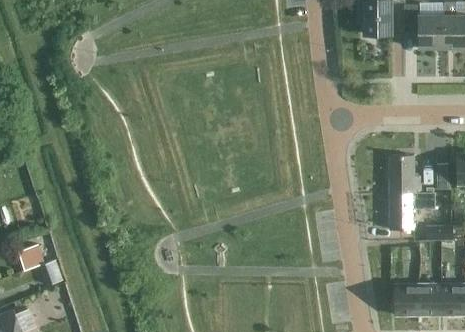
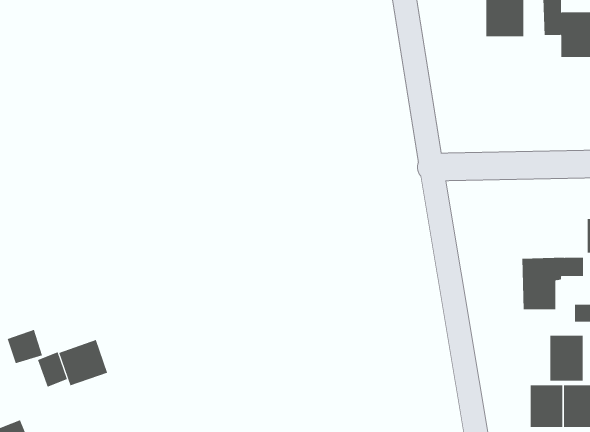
building: [389,155,420,193] -> none
building: none -> [550,335,583,381]
building: none -> [58,339,108,386]

